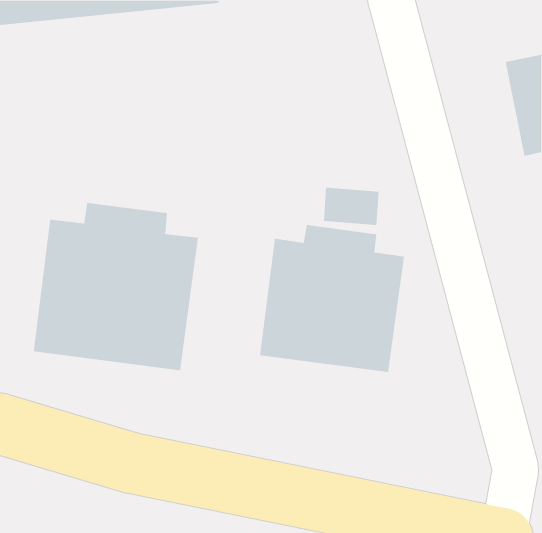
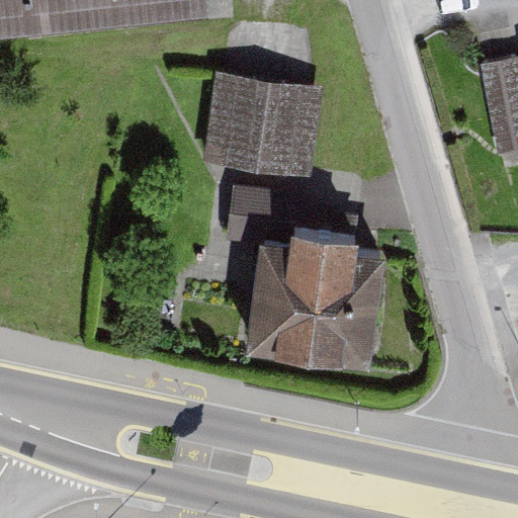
building: none -> [204,76,323,180]
building: [33,202,198,371] -> none

